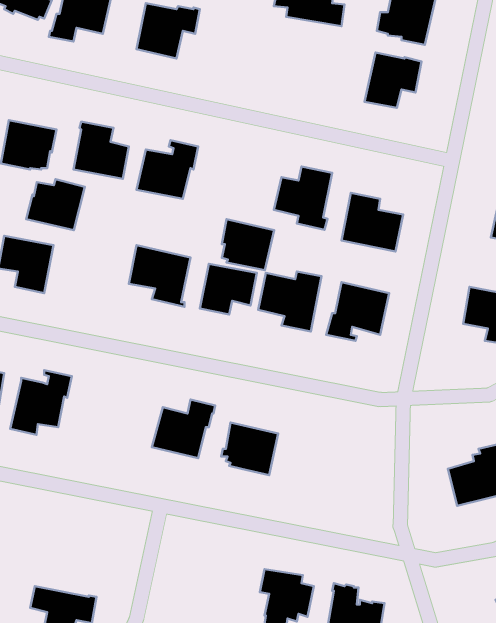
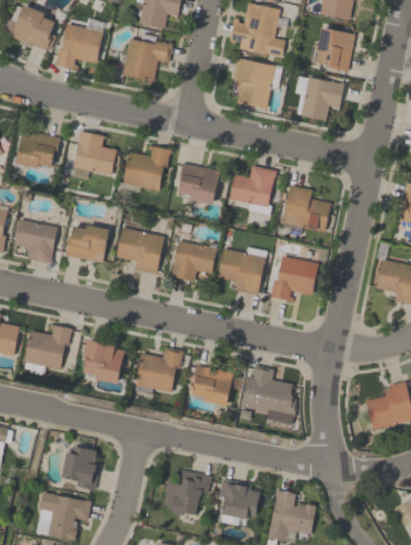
building: none -> [232,58,281,109]
building: [26,179,85,230] -> [64,223,109,263]
building: [222,219,274,270] -> [178,163,219,203]
building: none -> [82,340,124,384]
building: none -> [240,366,294,425]
building: none -> [61,447,99,490]
building: none -> [162,469,212,515]

